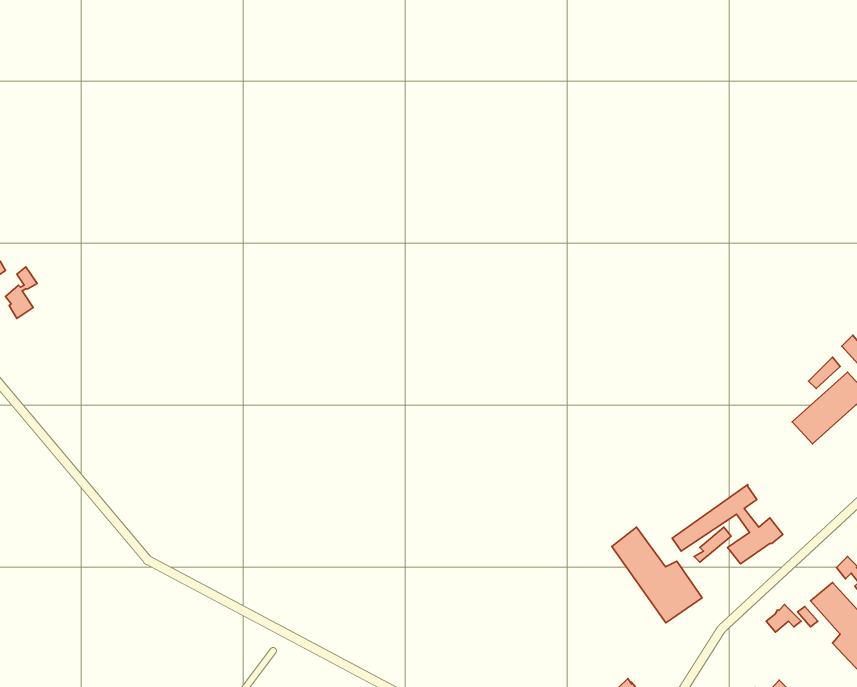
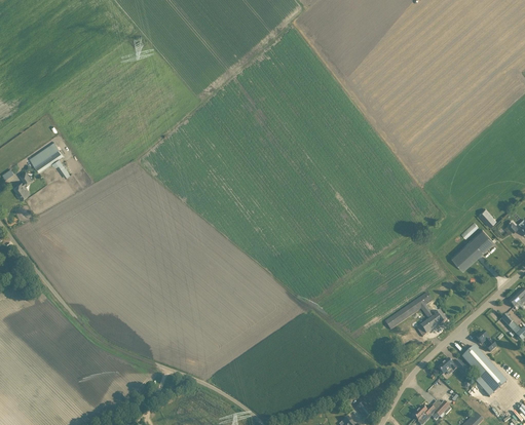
building: none -> [29,142,63,172]
building: [612,527,702,623] -> none

